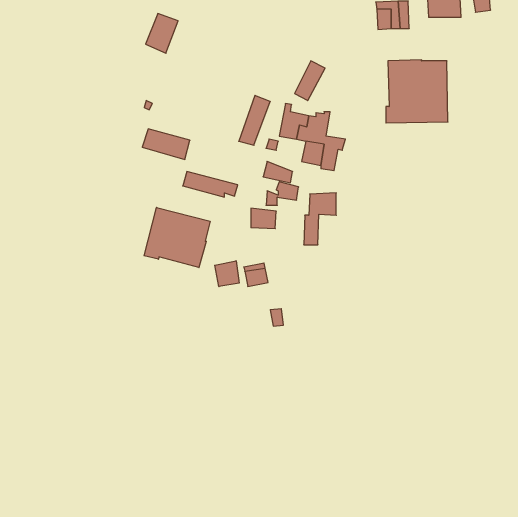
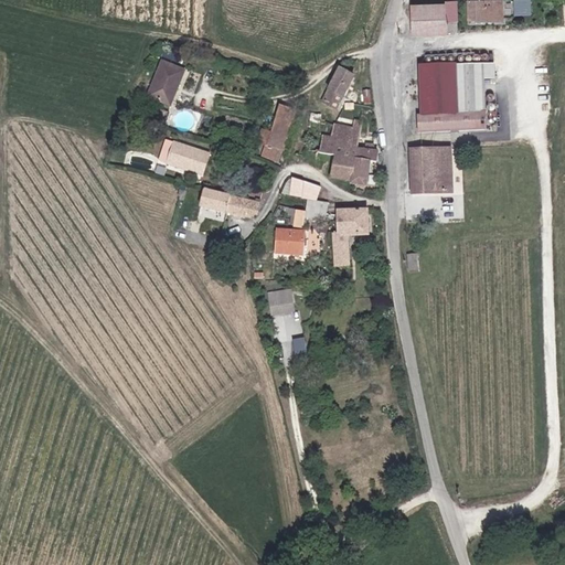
building: [146,14,178,53] -> [147,63,182,106]
building: none -> [409,147,449,192]
building: [144,207,210,268] -> none
building: [215,261,239,287] -> none

